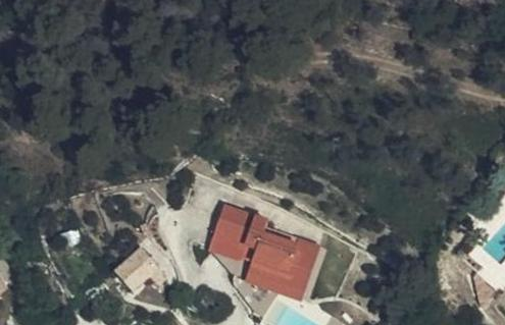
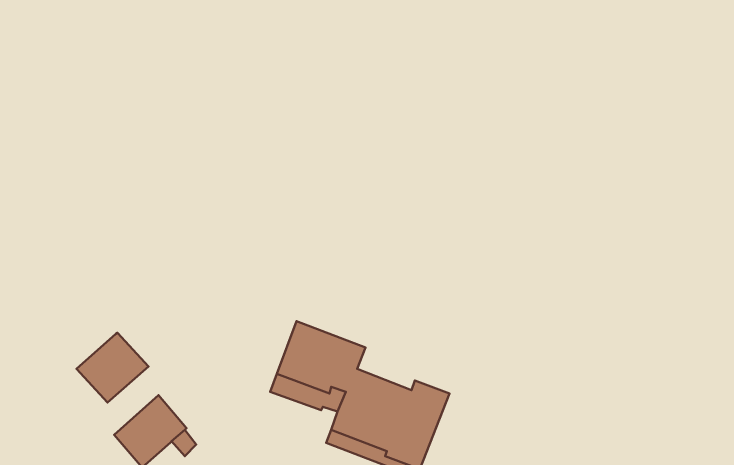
building: none -> [77,333,149,403]

